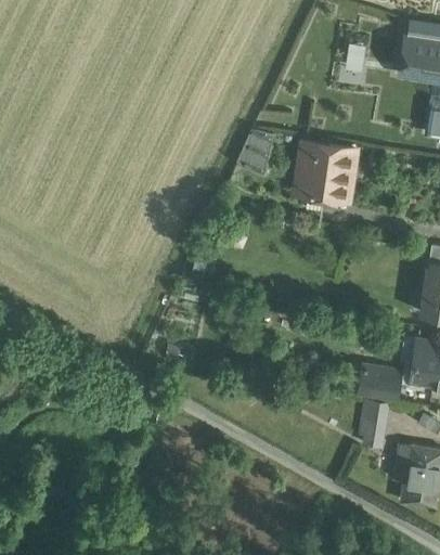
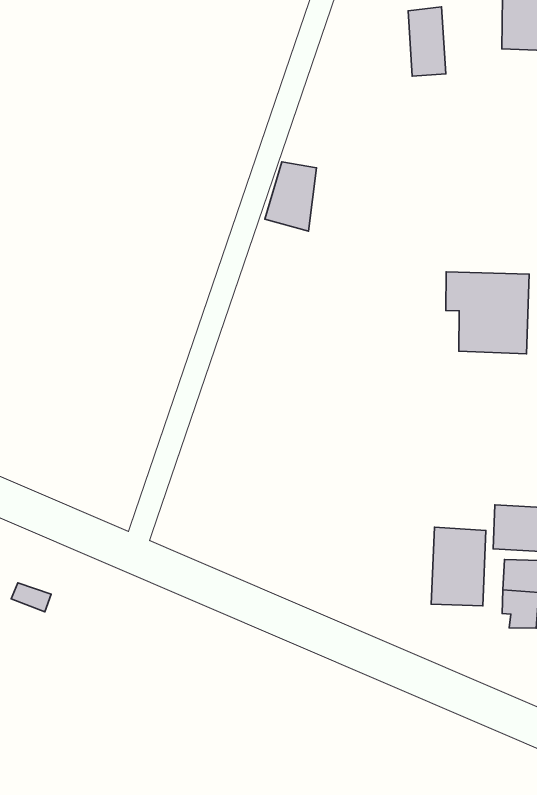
building: [299,141,355,199] -> [446,272,529,354]
building: none -> [431,527,486,606]

